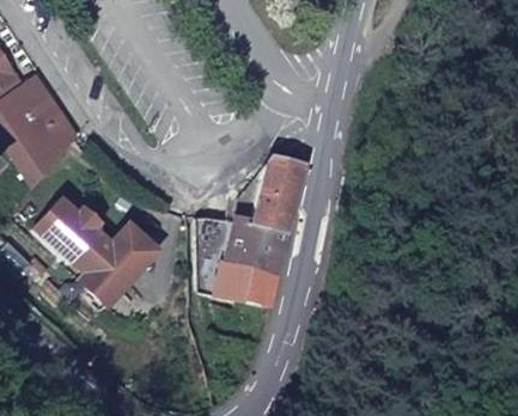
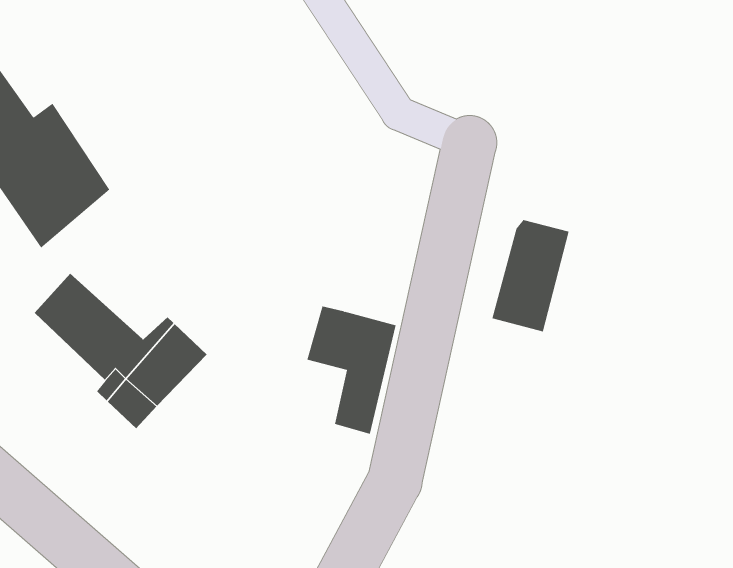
building: [249,153,303,231] -> [491,219,570,332]
building: [197,249,250,299] -> none

